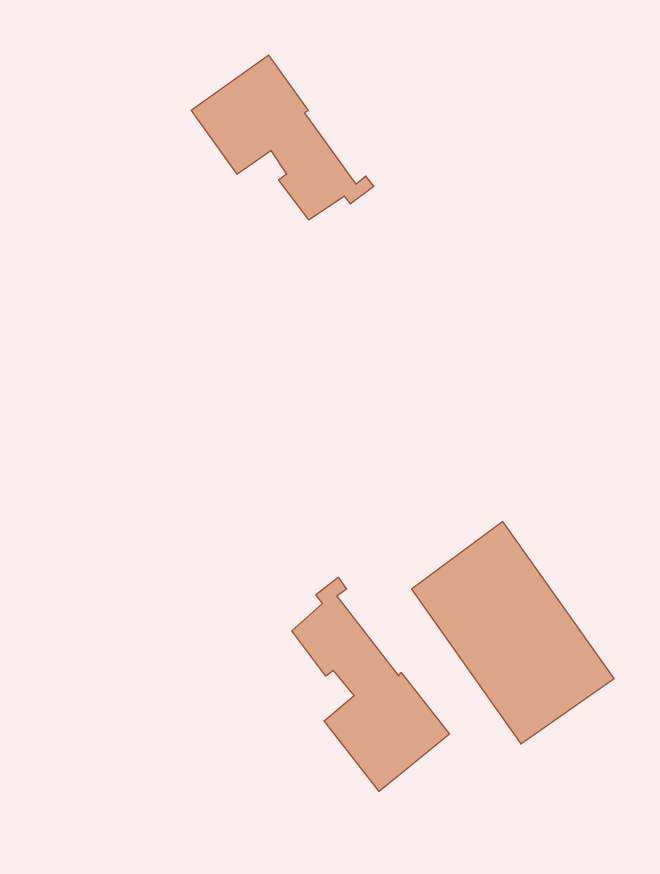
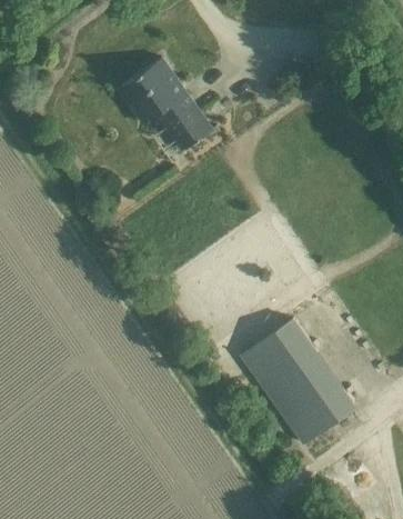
building: [292,577,449,791] -> none

